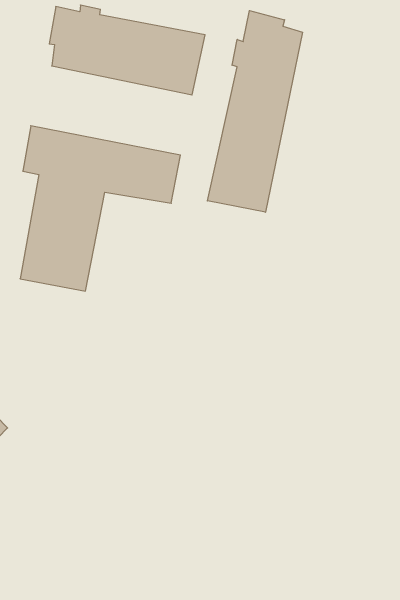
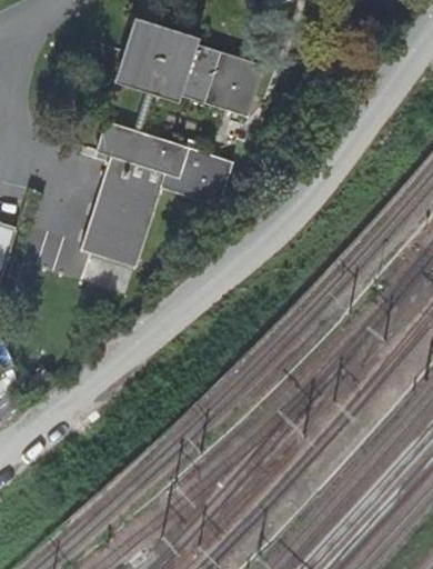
building: [207,11,303,212] -> none

